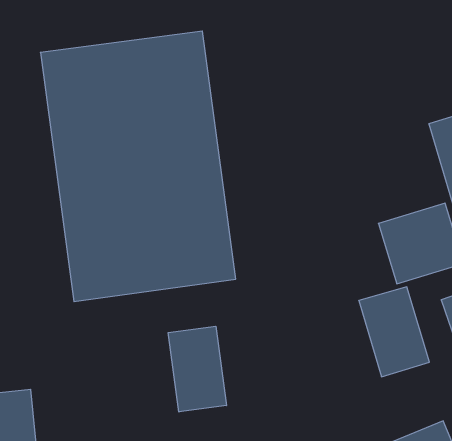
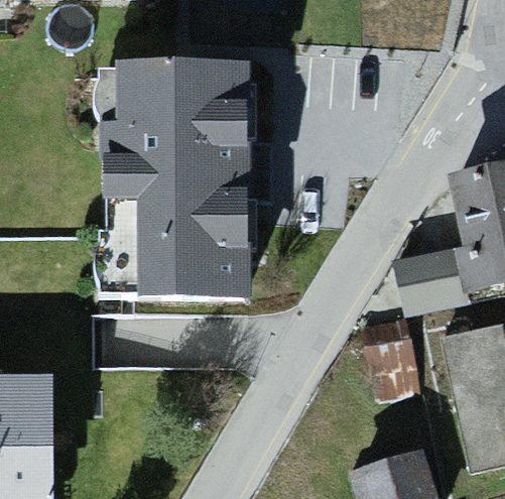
building: [168,326,226,412] -> none

